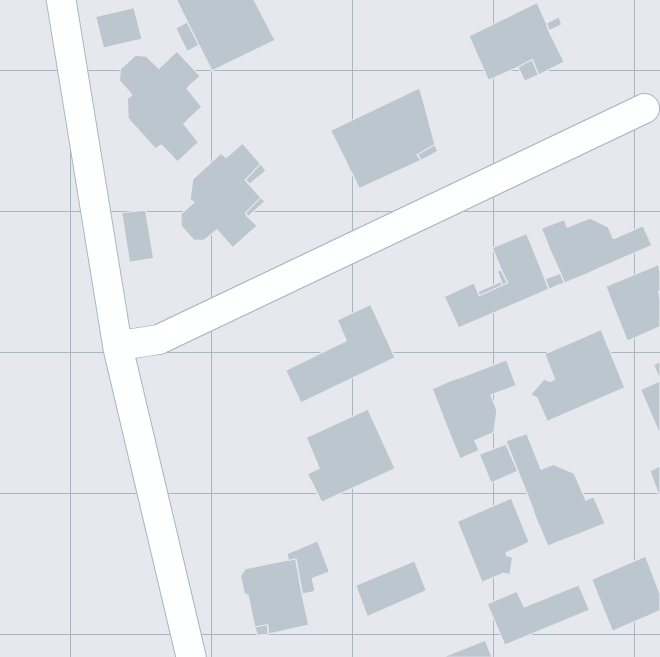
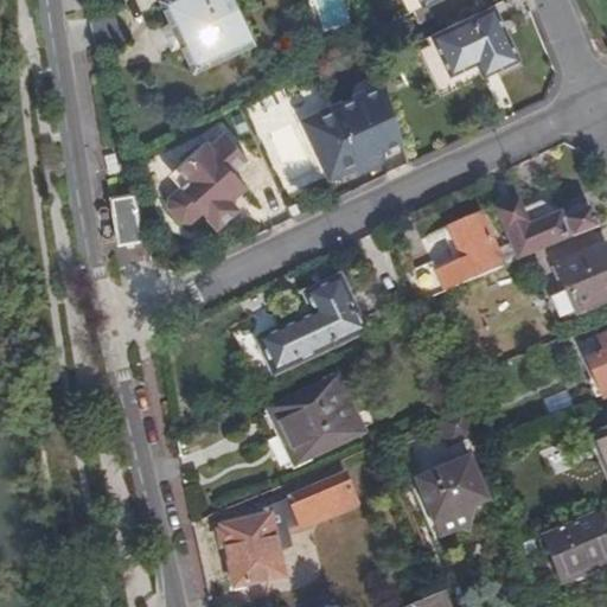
building: [119,51,202,162] -> none
building: [531,330,625,421] -> none
building: [432,360,516,459] -> none
building: [506,433,605,546] -> none
building: [355,561,426,616] -> [292,474,357,525]
building: [487,585,589,645] -> none

